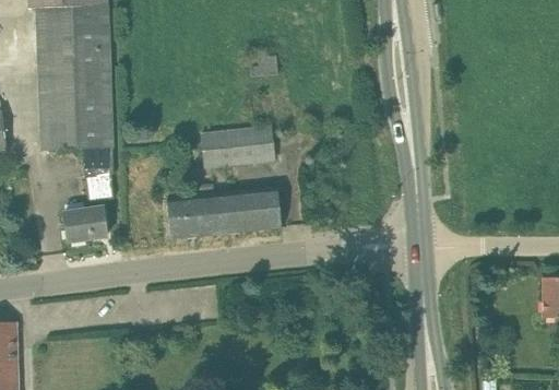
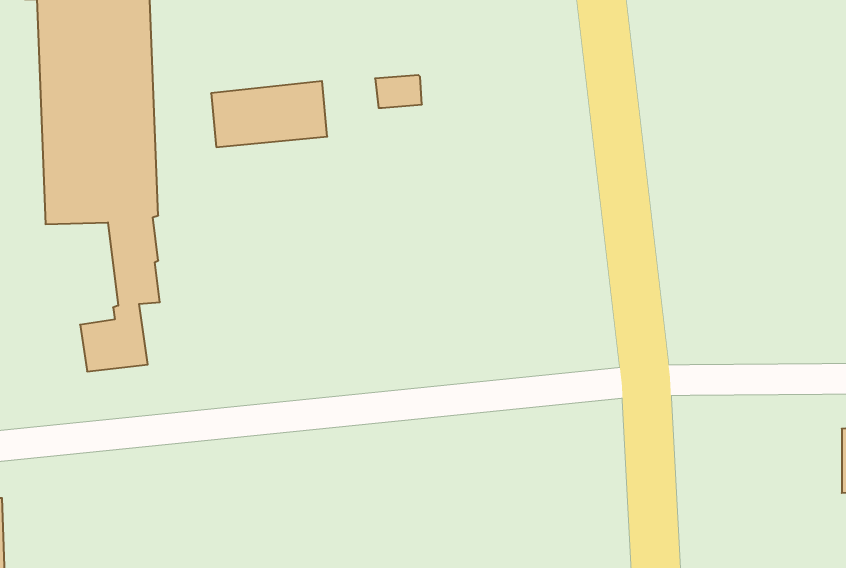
building: [201,126,274,167] -> [211,81,327,147]
building: [166,185,281,239] -> none

